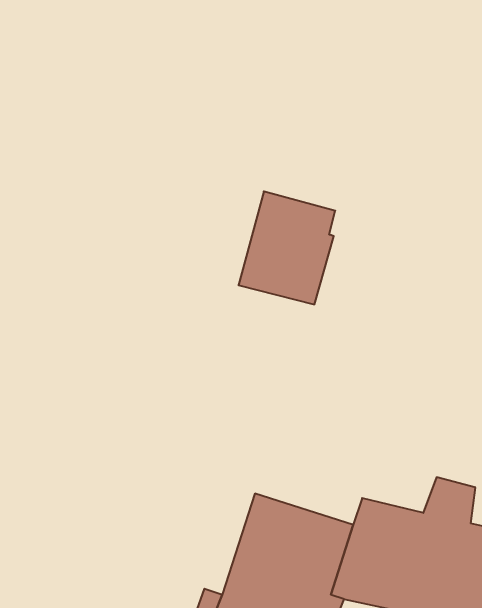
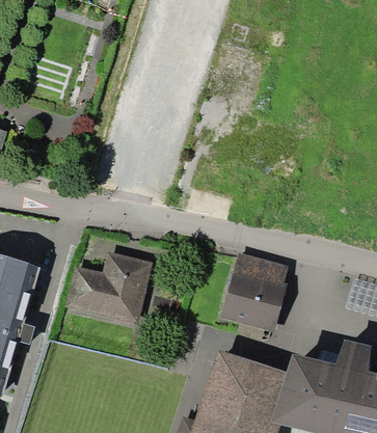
building: [238,191,335,304] -> [221,252,289,331]
building: none -> [65,252,153,324]

